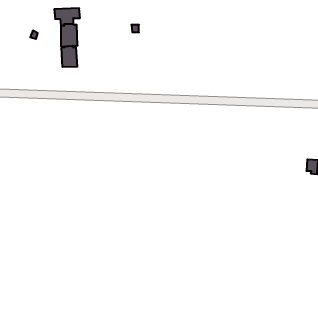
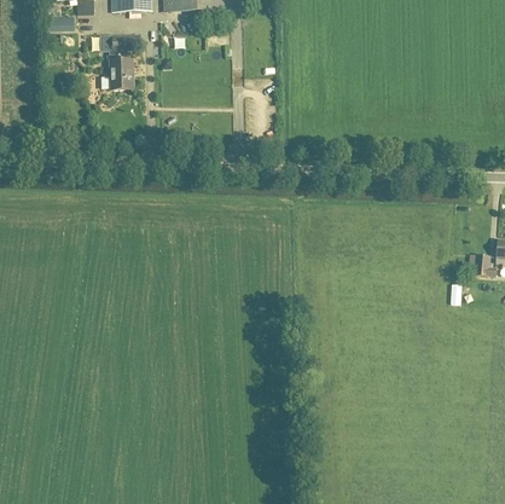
building: [62,46,77,67] -> none

